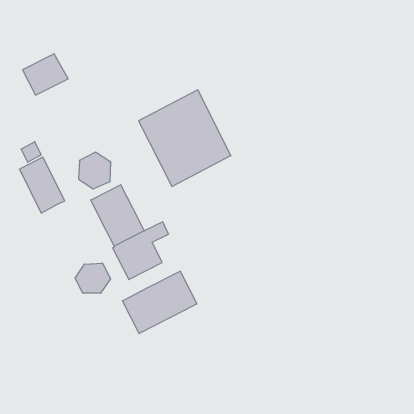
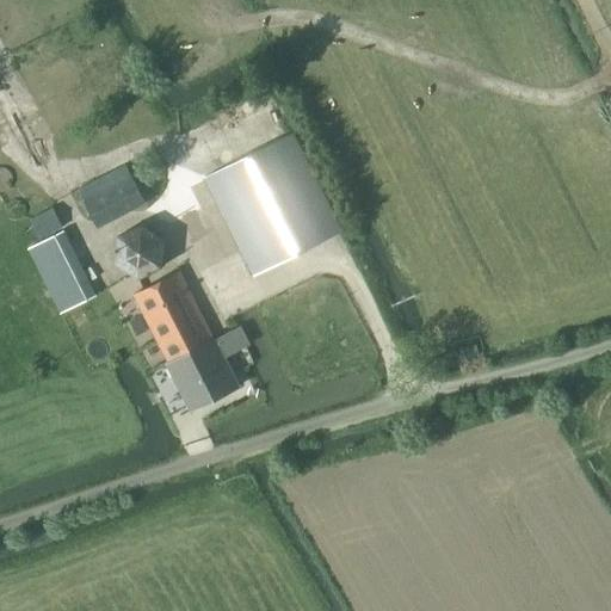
building: [23,54,68,95] -> [79,166,146,227]
building: [75,263,110,293] -> none
building: [122,271,197,334] -> none

